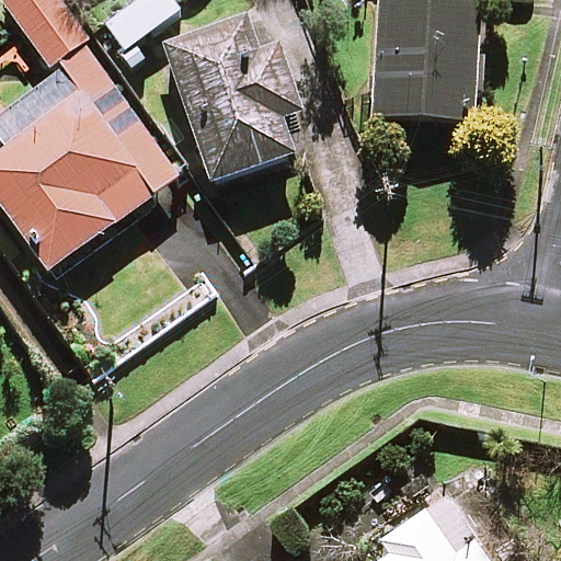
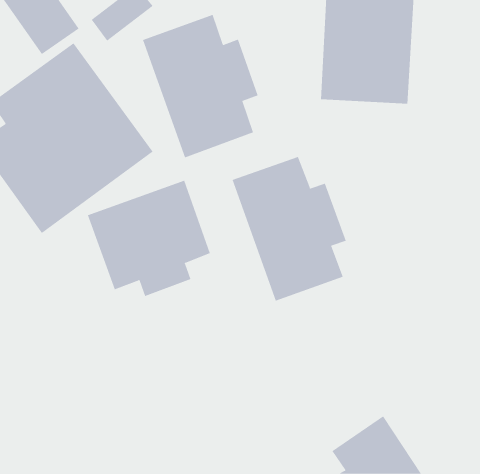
building: none -> [232,156,347,301]
building: none -> [87,180,211,297]

